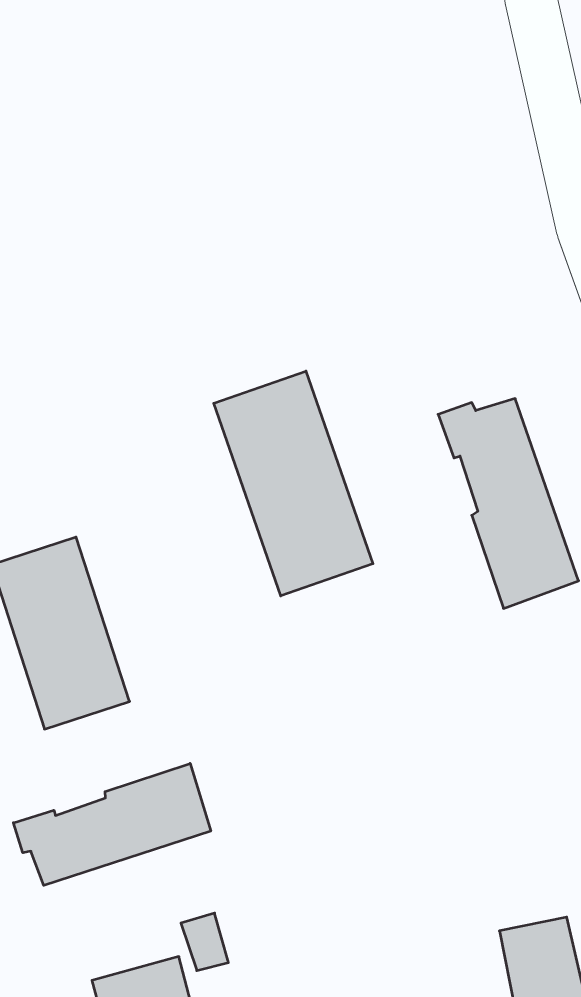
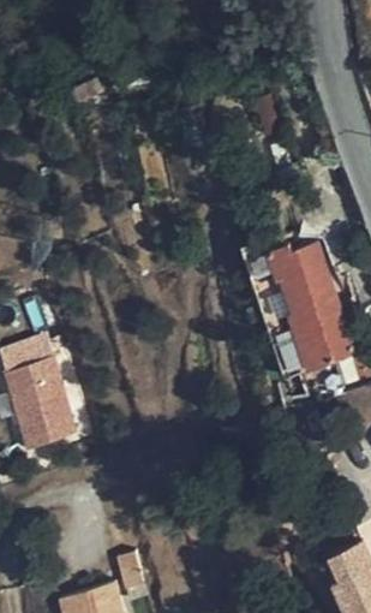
building: [214,371,373,596] -> none
building: [13,763,211,885] -> none

